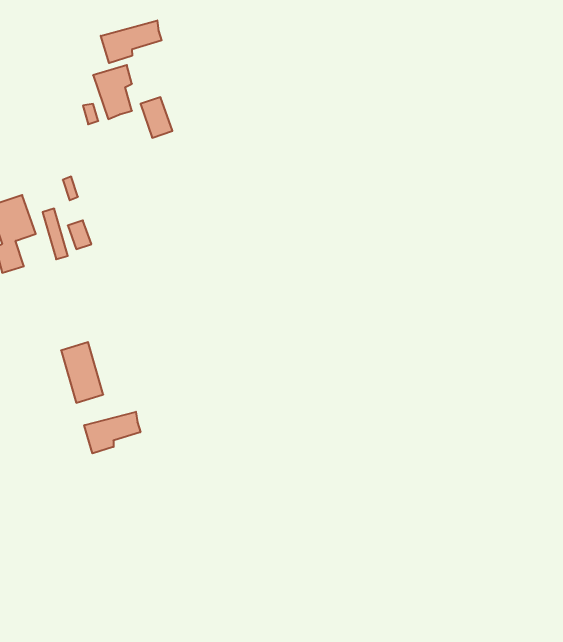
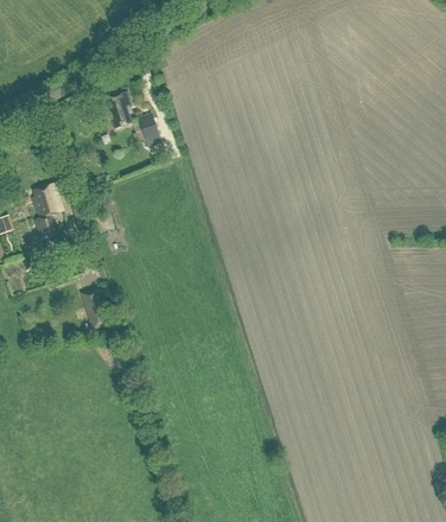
building: [101,20,162,63] -> none
building: [84,412,140,453] -> none

